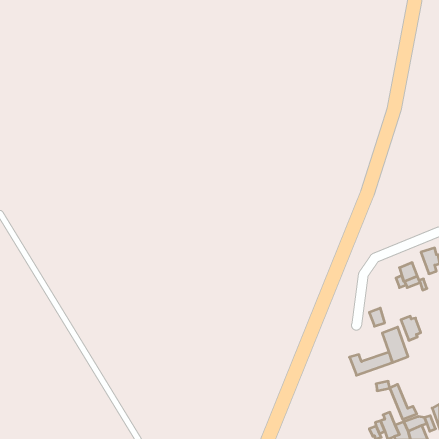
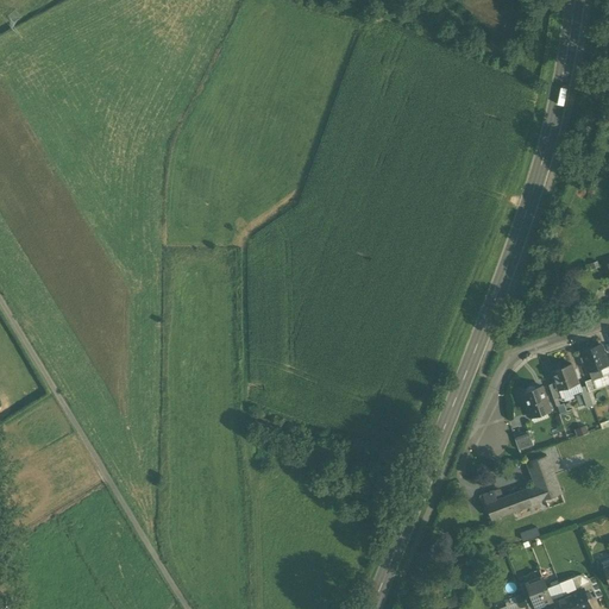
building: [401,316,421,340] -> [523,389,551,422]
building: [390,384,417,419] -> none

